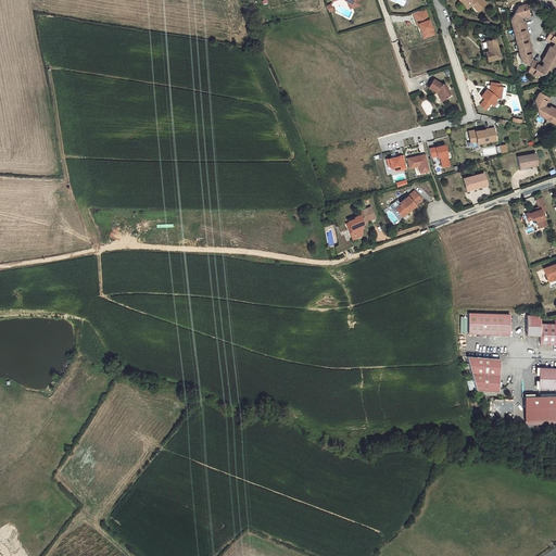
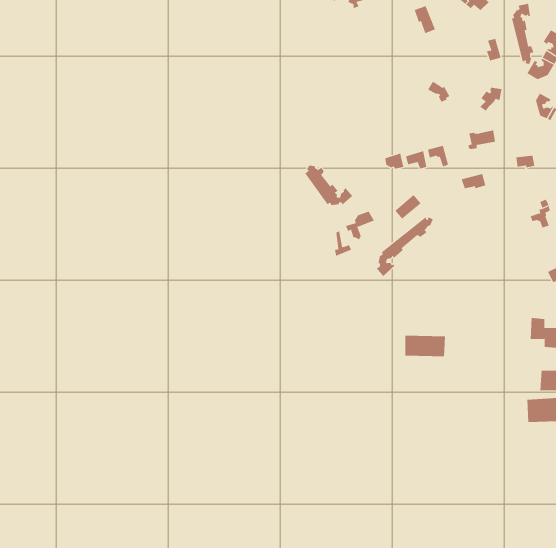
building: none -> [304,165,353,206]
building: none -> [376,216,433,277]
building: [472,315,514,337] -> [404,335,446,357]
building: [470,357,503,391] -> none

